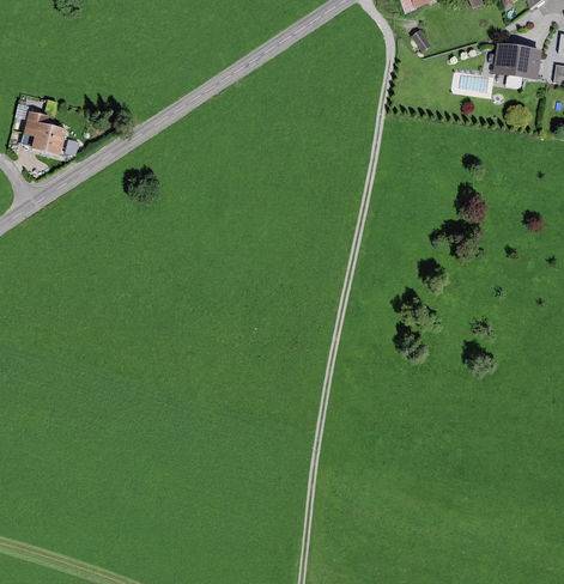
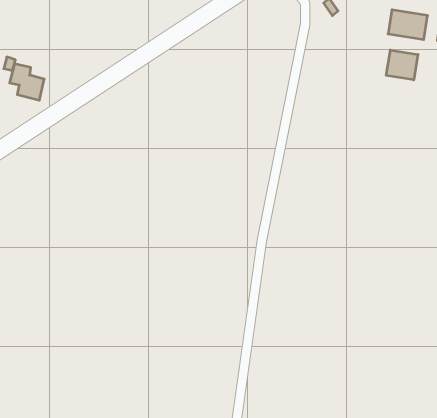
building: none -> [386,50,418,80]

